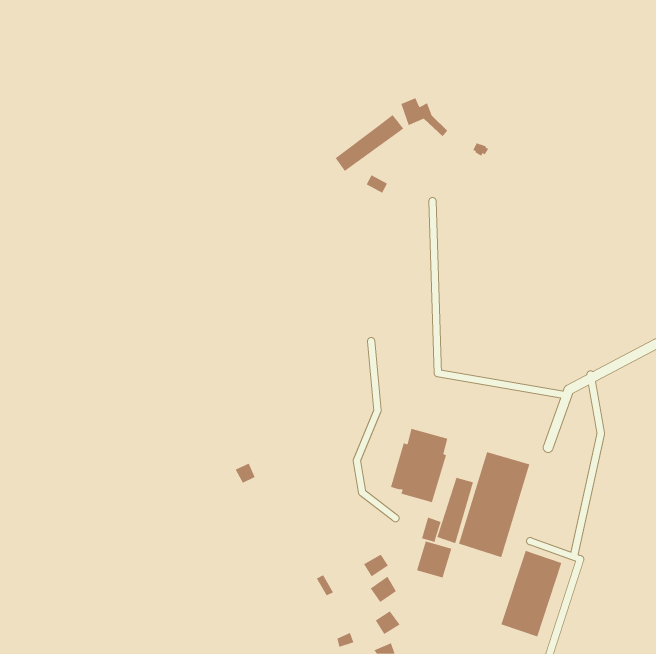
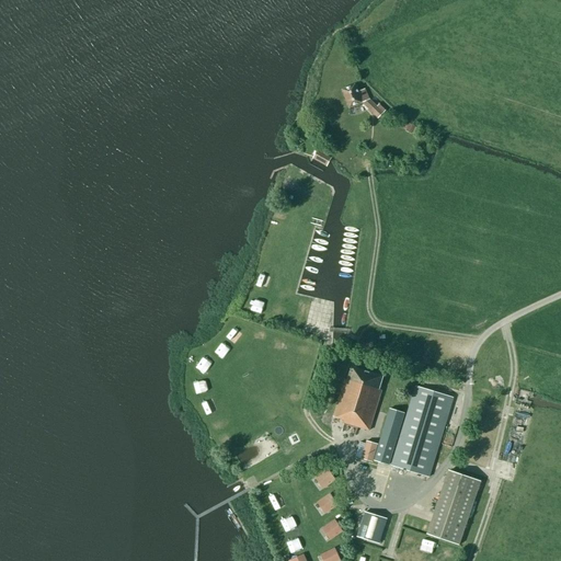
building: [335,114,404,172] -> none
building: [416,541,452,578] -> [356,511,387,542]

